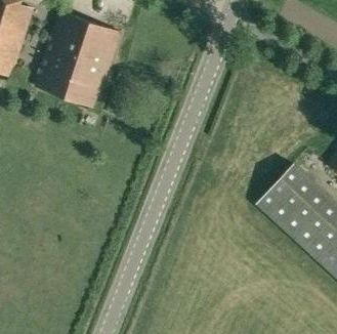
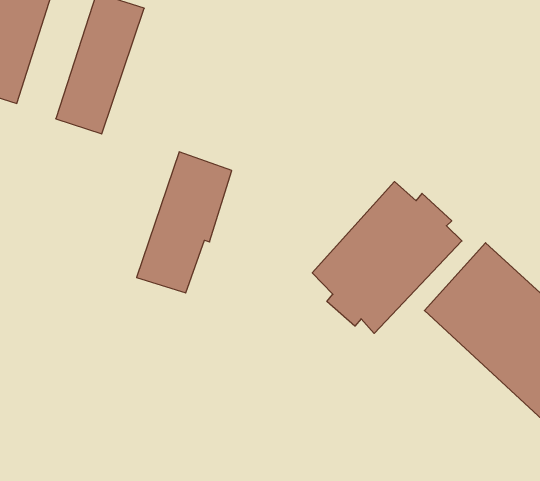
building: [62,20,120,106] -> [137,152,232,293]
building: none -> [312,182,462,333]

